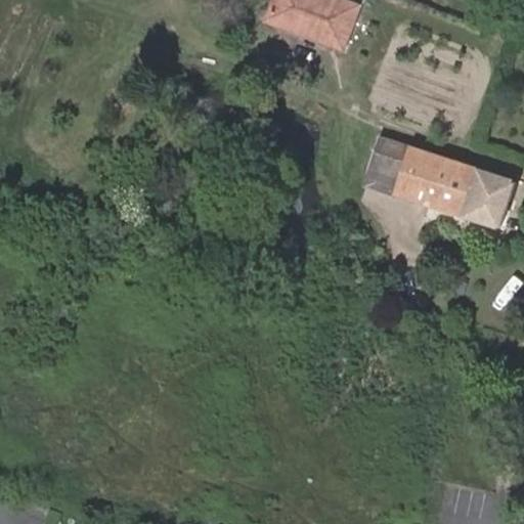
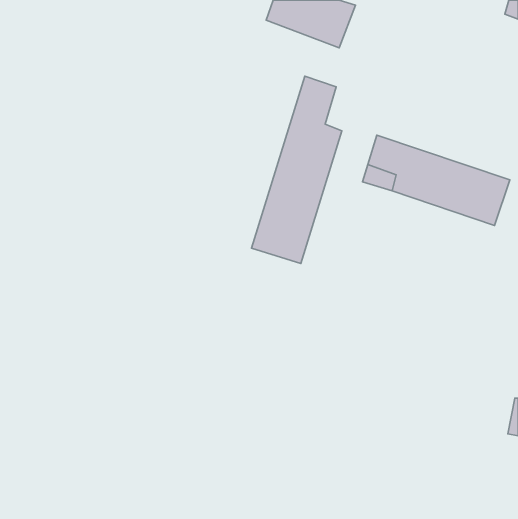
building: none -> [251,76,342,264]

